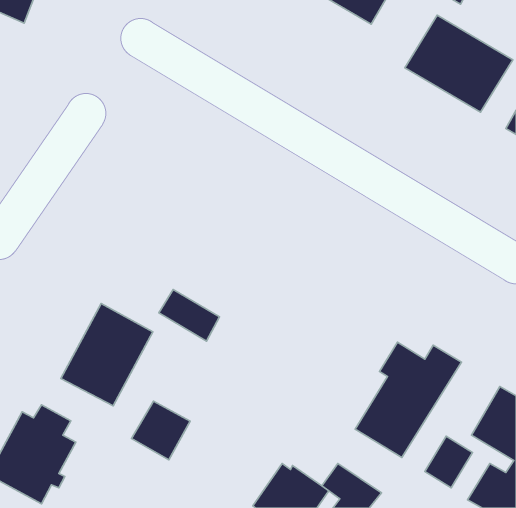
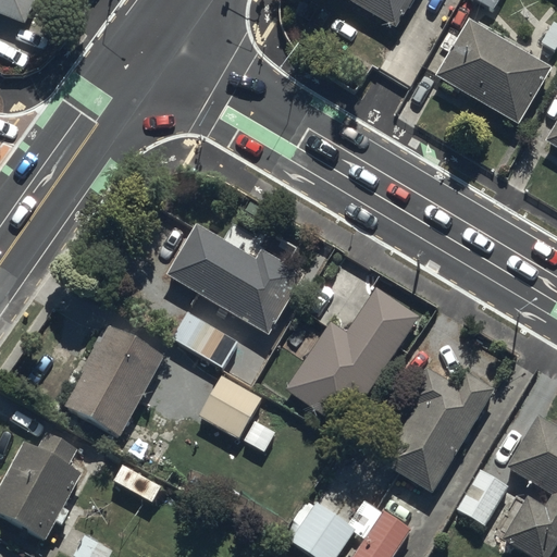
building: none -> [166,226,304,336]
building: none -> [285,288,417,426]
building: [131,401,190,460] -> [198,374,261,437]

